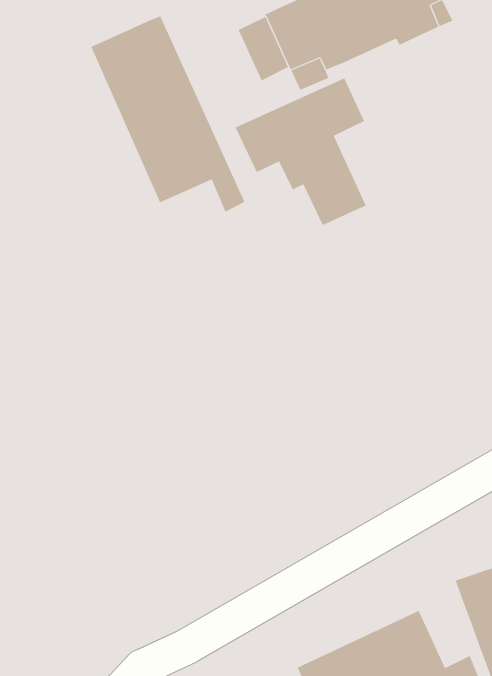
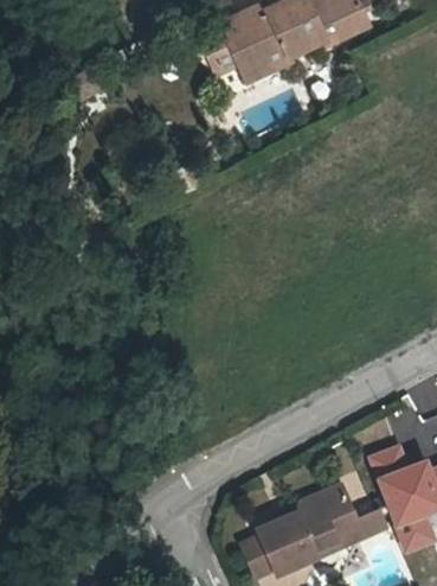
building: [90,15,245,213] -> none
building: [235,77,366,226] -> none

